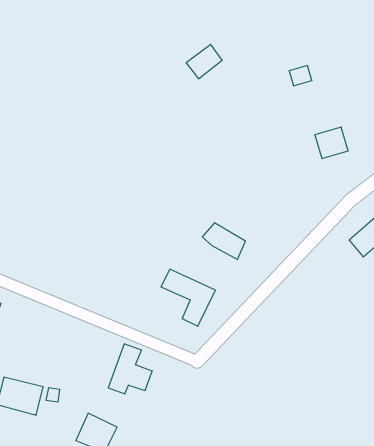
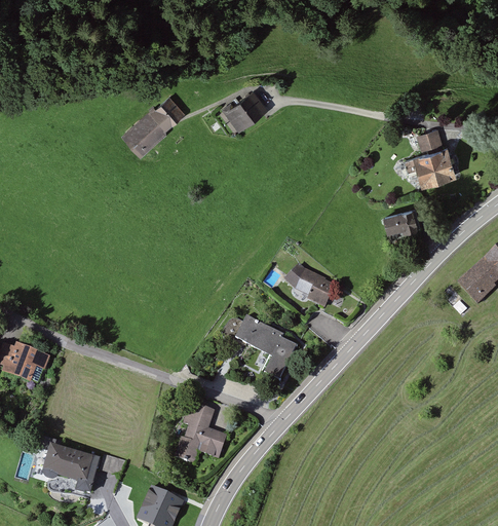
building: [186,44,222,79] -> [225,92,267,133]
building: [289,66,312,86] -> [417,130,444,154]
building: none -> [121,99,183,157]
building: none -> [383,211,417,234]

